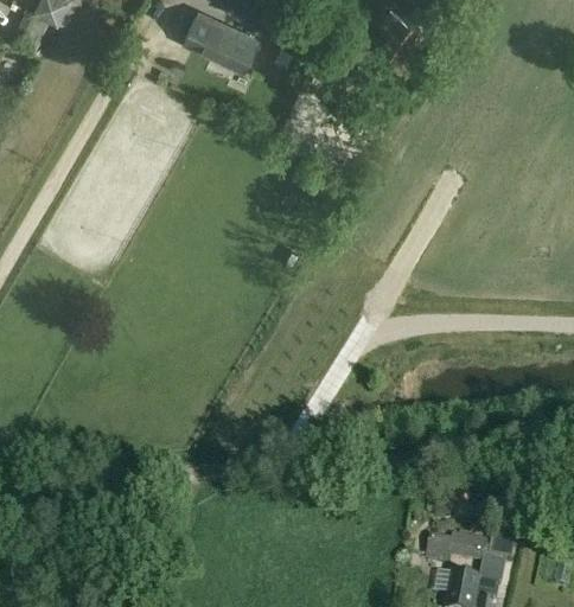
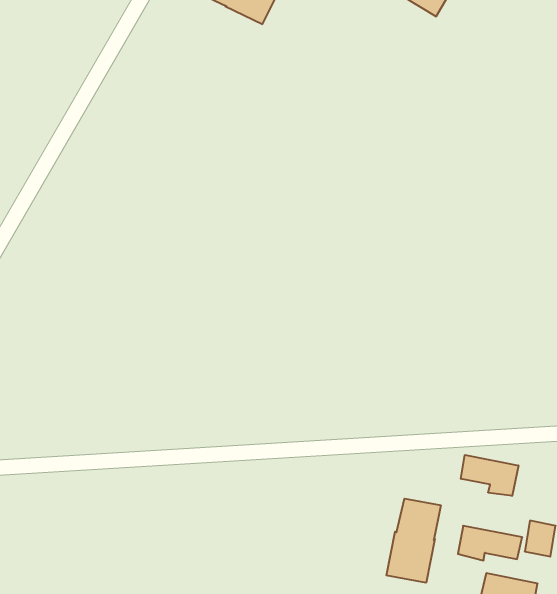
building: none -> [461,455,518,496]
building: none -> [386,499,441,583]

